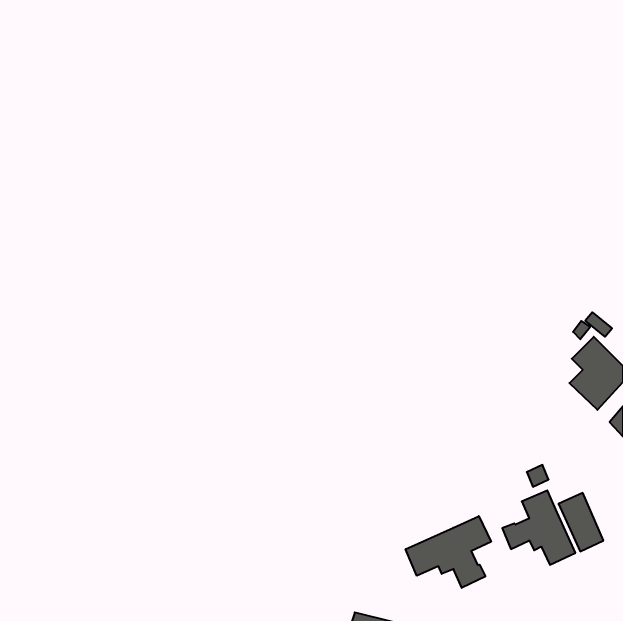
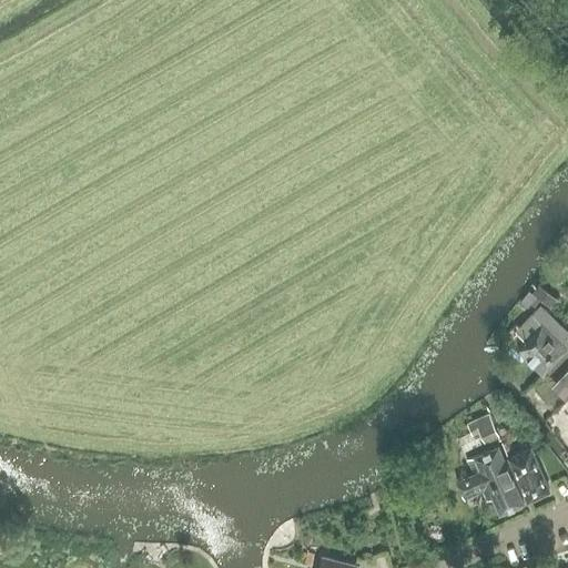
building: [406,516,491,588] -> none

